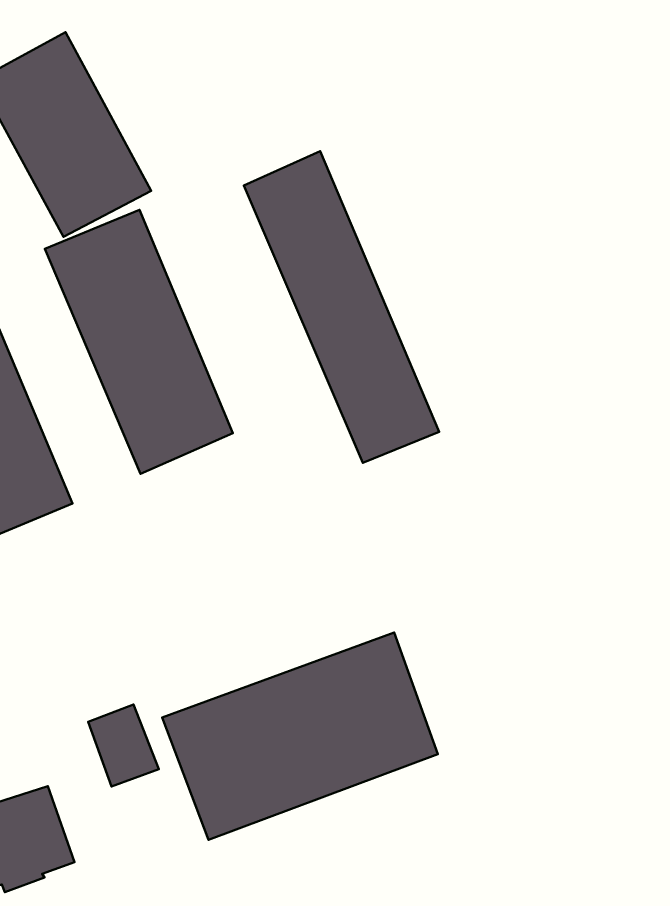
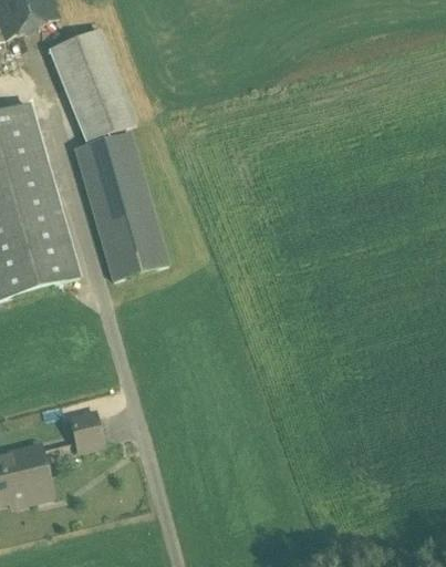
building: [244,151,439,463] -> none
building: [162,632,438,840] -> none

